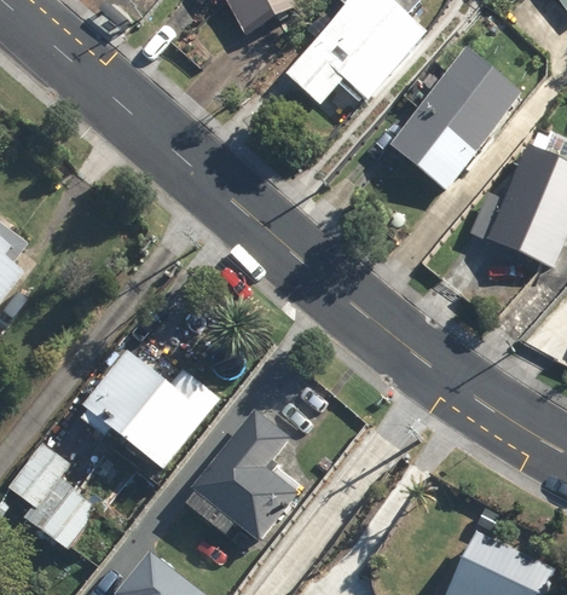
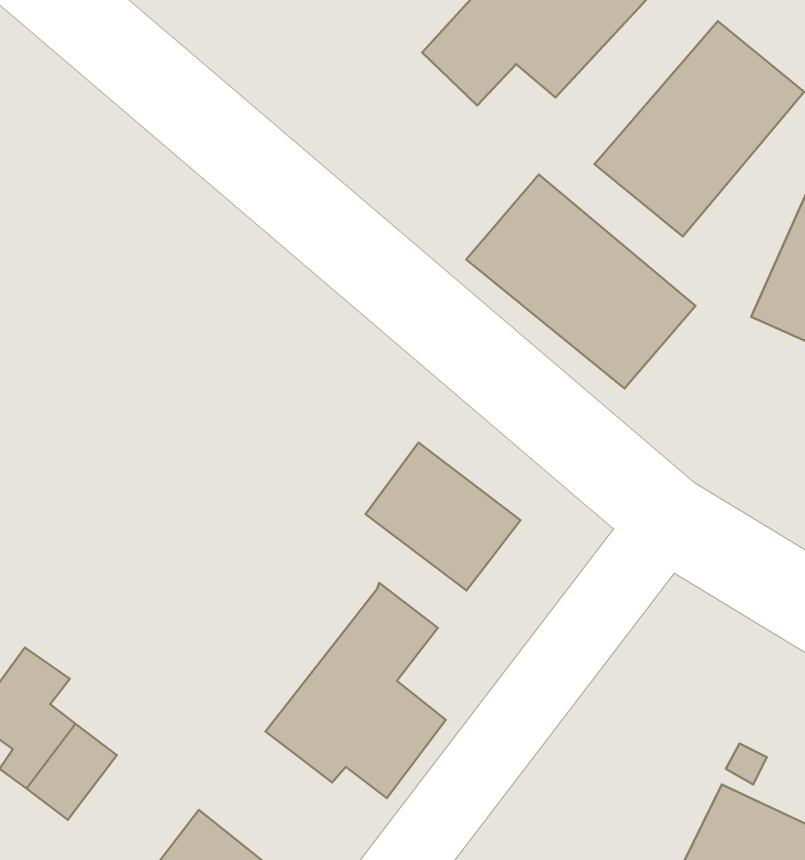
building: none -> [466,175,696,389]
building: none -> [365,442,520,590]
building: [82,353,216,469] -> none

